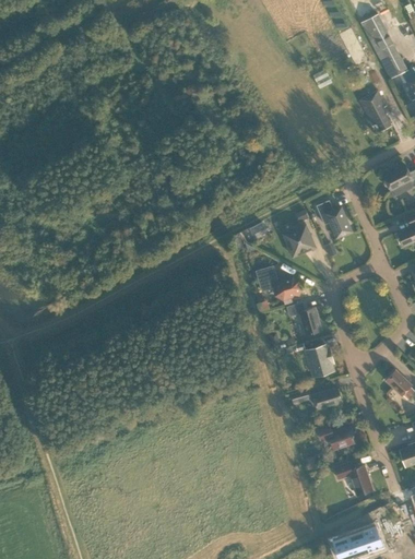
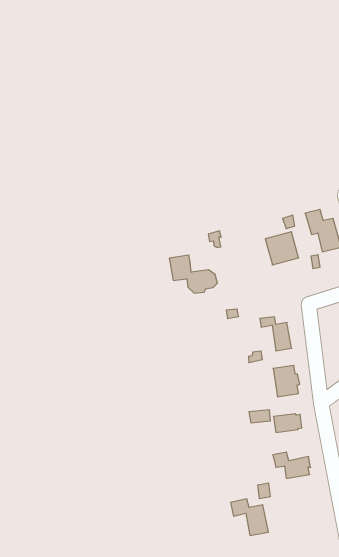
building: [256,265,303,299] -> [169,255,217,293]
building: [334,462,372,495] -> [231,499,268,535]

